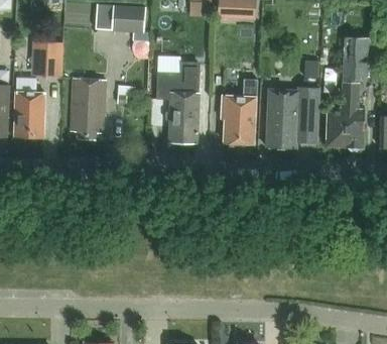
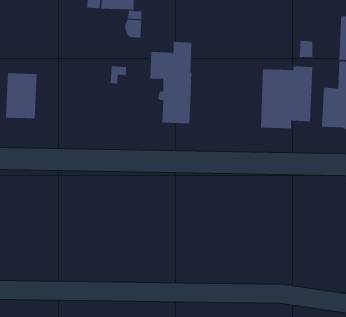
building: [29,41,61,75] -> none
building: [71,77,105,137] -> none
building: [221,80,256,146] -> none

